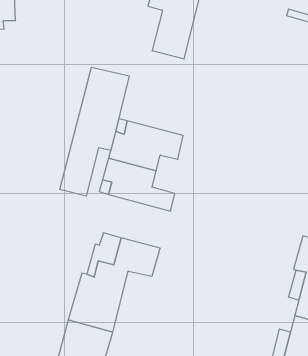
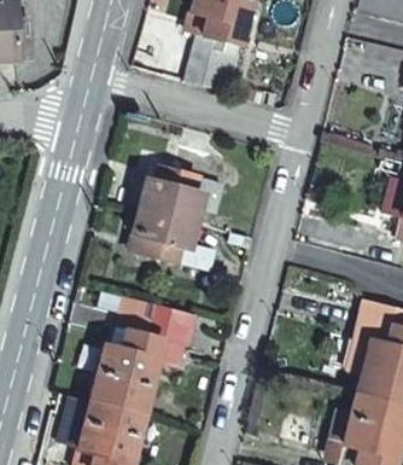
building: [60,67,129,196] -> none

